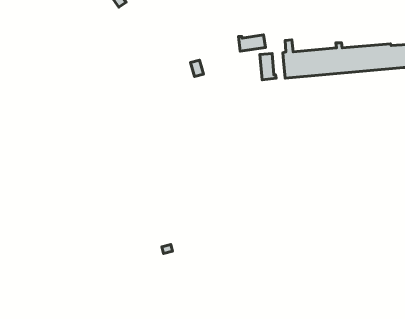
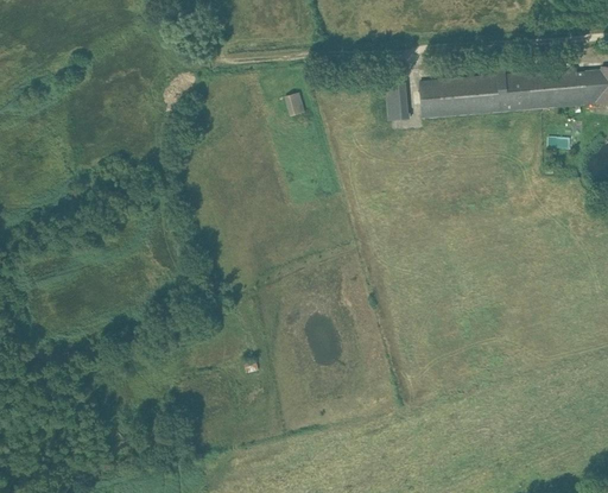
building: [238,35,265,51] -> none

